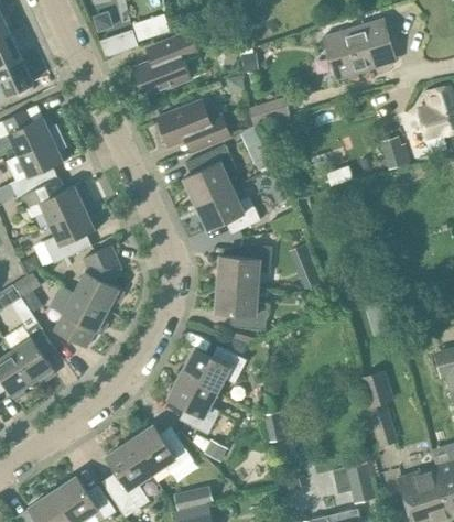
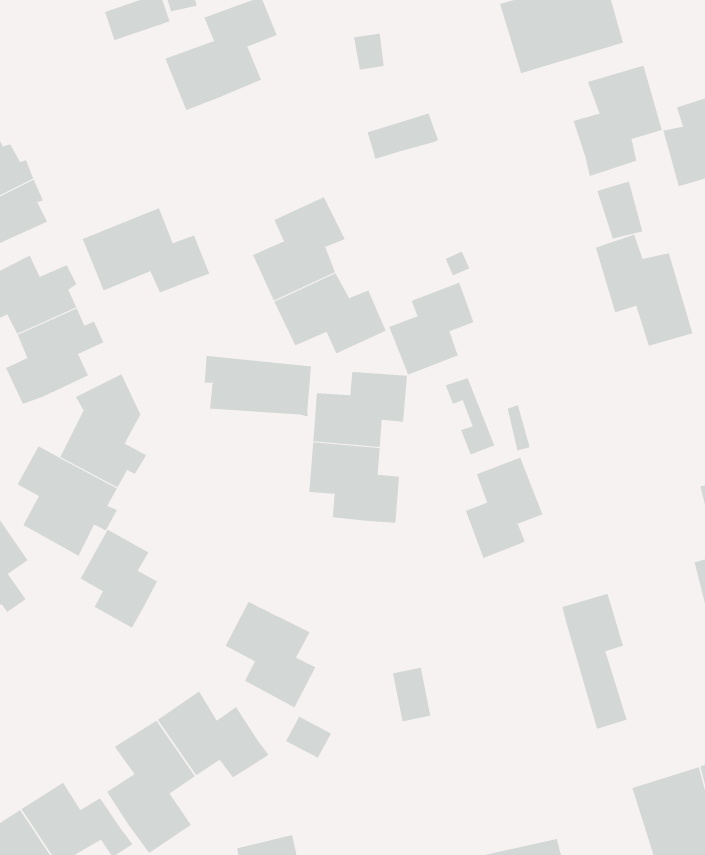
building: none -> [573,65,663,177]
building: [156,100,229,149] -> [82,208,210,293]
building: none -> [595,234,693,347]
building: none -> [389,282,474,375]
building: none -> [204,355,311,417]
building: none -> [465,457,543,559]
building: none -> [80,529,158,628]
building: [181,346,246,392] -> none
building: [344,461,375,503] -> none
building: [173,486,213,511] -> none

